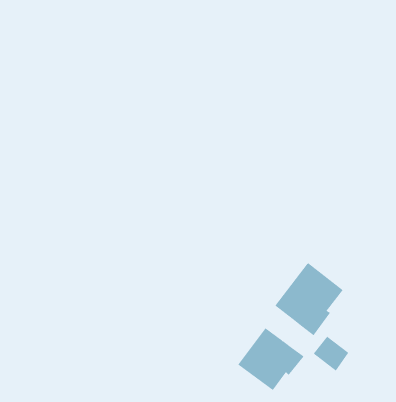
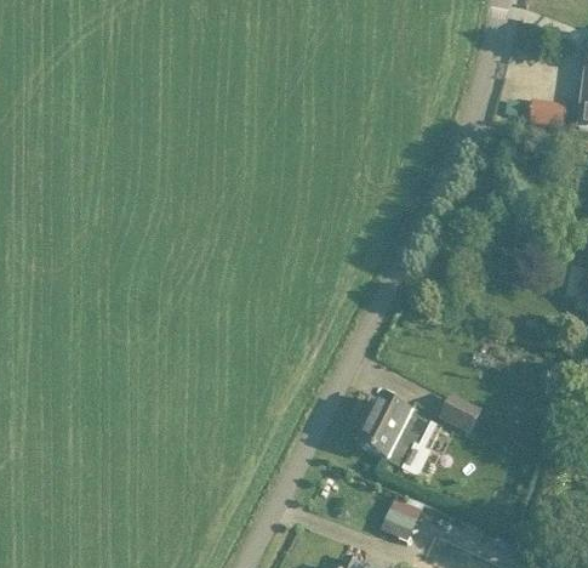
building: [275,263,343,336] -> none

